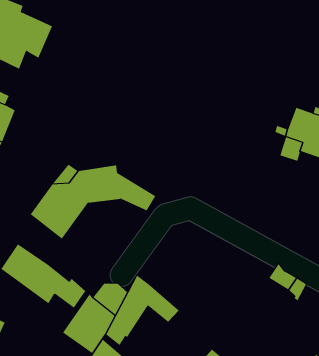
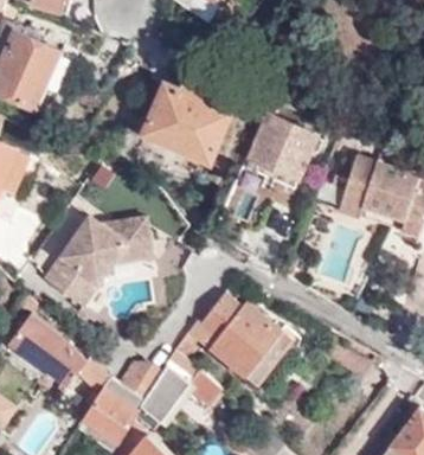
building: none -> [143,84,231,164]
building: none -> [246,113,323,187]
building: none -> [169,290,289,386]

